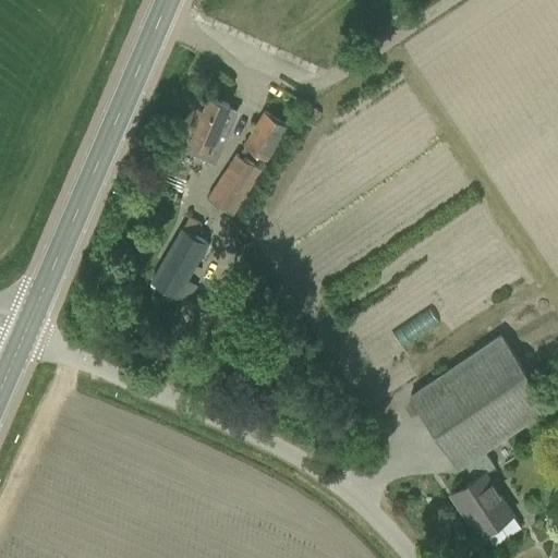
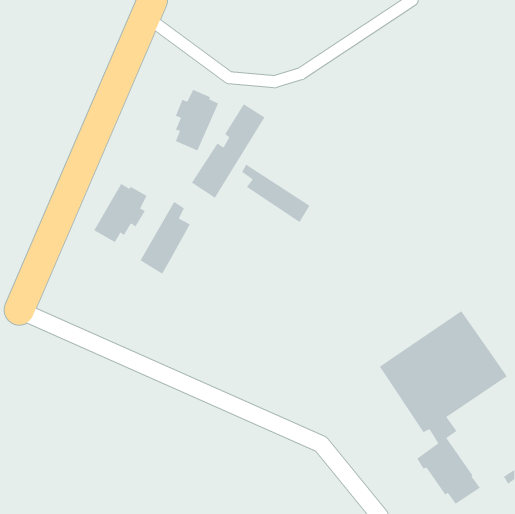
building: none -> [241,164,311,223]
building: none -> [93,183,148,243]

